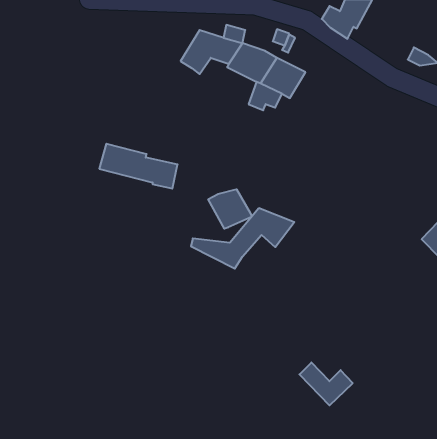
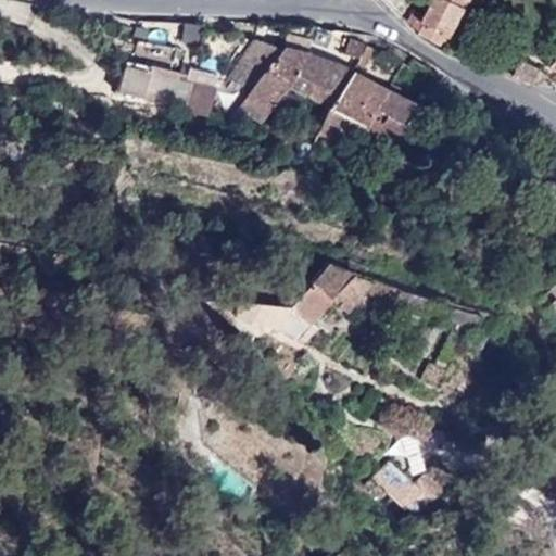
building: none -> [227,73,292,122]
building: none -> [369,91,419,139]
building: [99,144,178,189] -> [119,60,218,116]
building: [208,189,252,229] -> none

